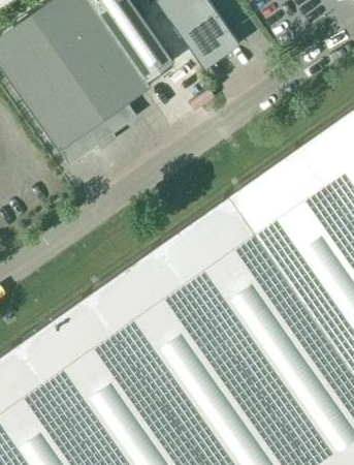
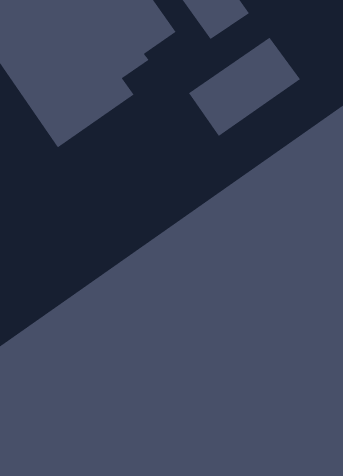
building: none -> [188,37,301,137]

